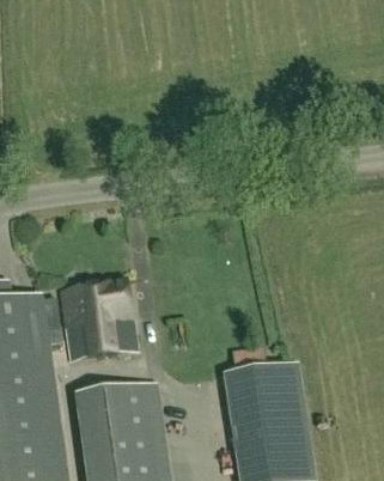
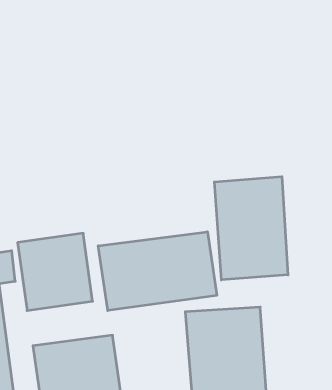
building: none -> [214,177,288,280]
building: none -> [98,232,217,311]

